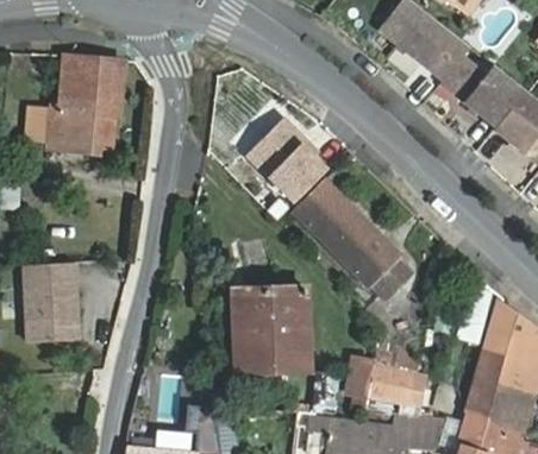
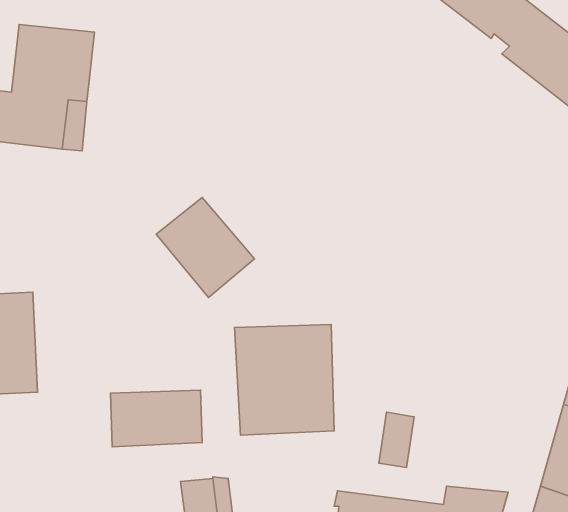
building: [248,118,324,195] -> [156,197,254,297]
building: [294,182,409,299] -> none
building: none -> [111,390,202,447]
building: [367,366,406,403] -> none

